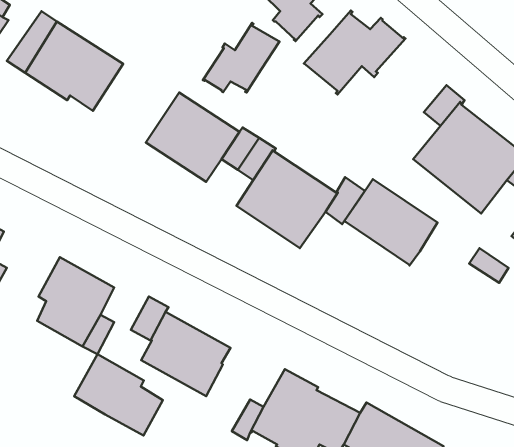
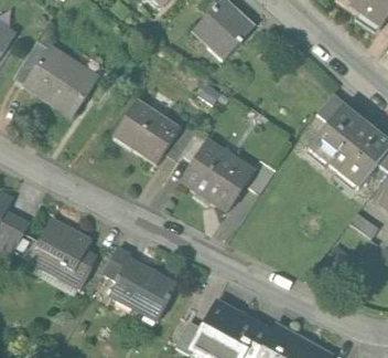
building: [304,11,405,94] -> none
building: [203,23,280,93] -> none
building: [344,179,437,266] -> none
building: [74,354,163,436] -> none

